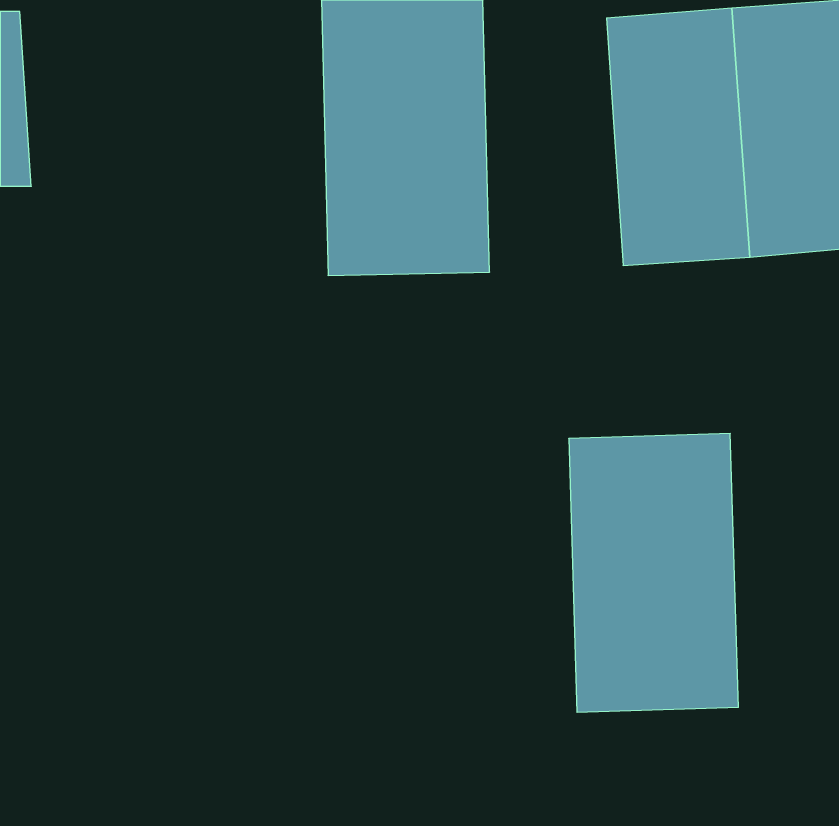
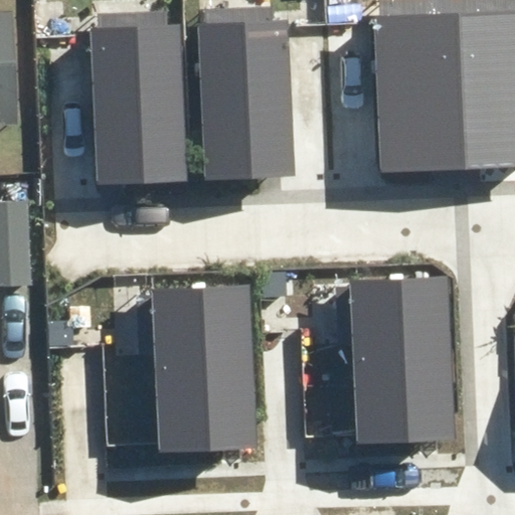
building: none -> [84,18,187,187]
building: none -> [149,282,252,452]

